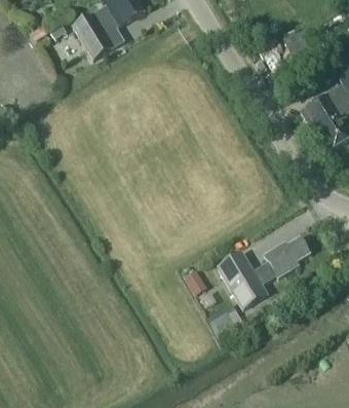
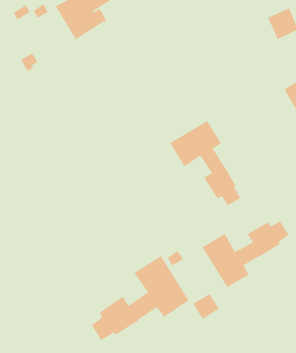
building: none -> [169,120,241,206]
building: none -> [91,255,190,341]

